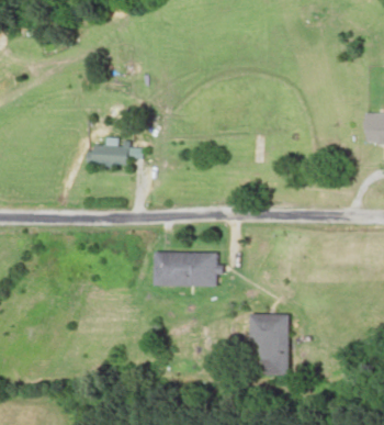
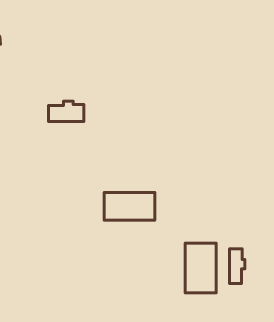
building: none -> [229,249,245,284]

